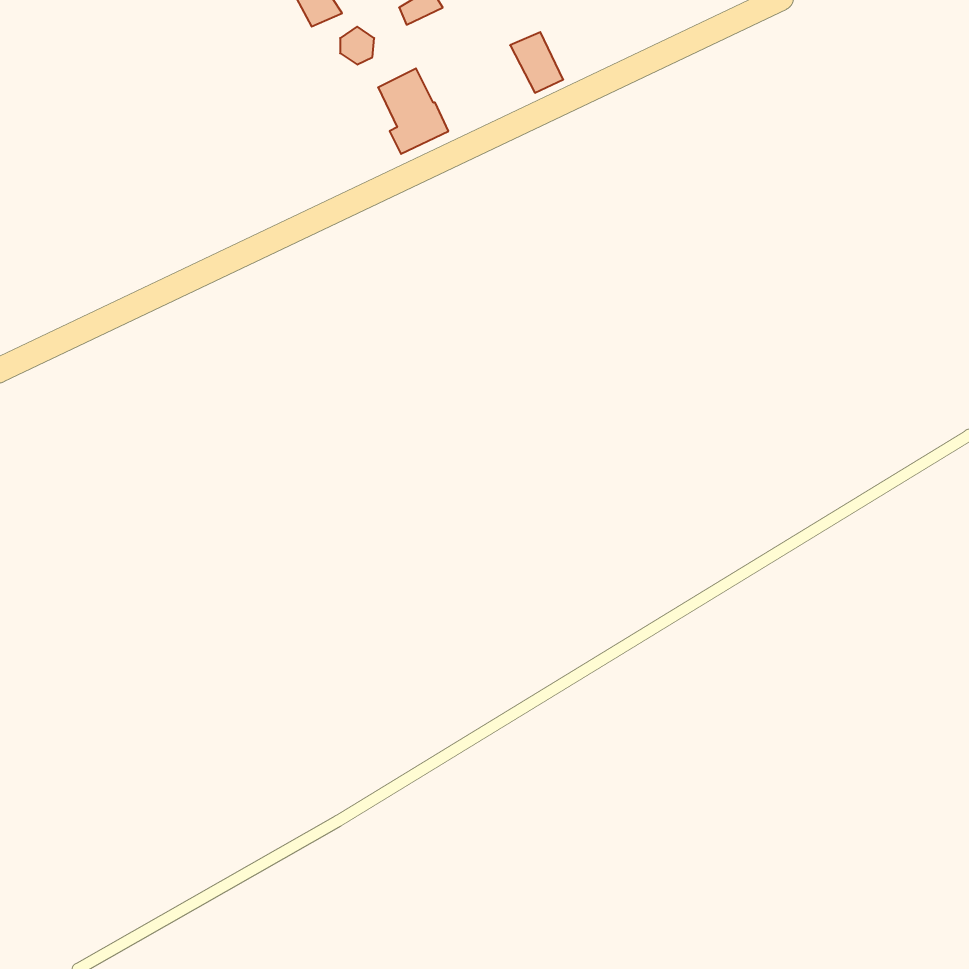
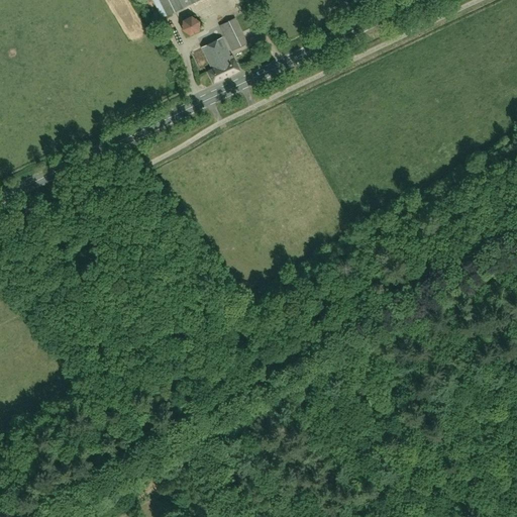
building: [510,32,563,93] -> [218,17,246,49]

